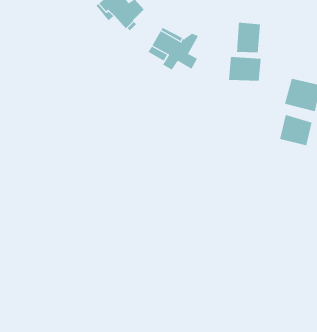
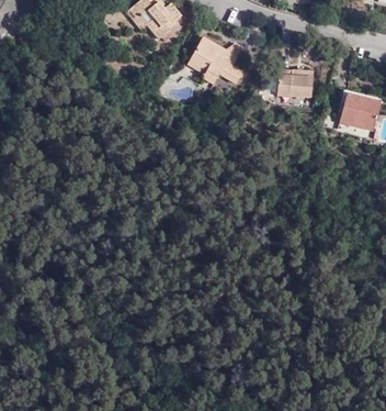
building: [237,22,261,53] -> none
building: [280,114,312,146] -> none

